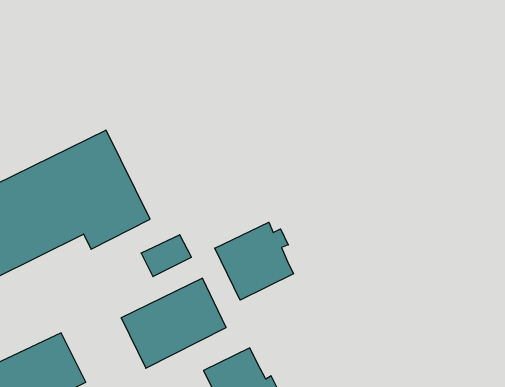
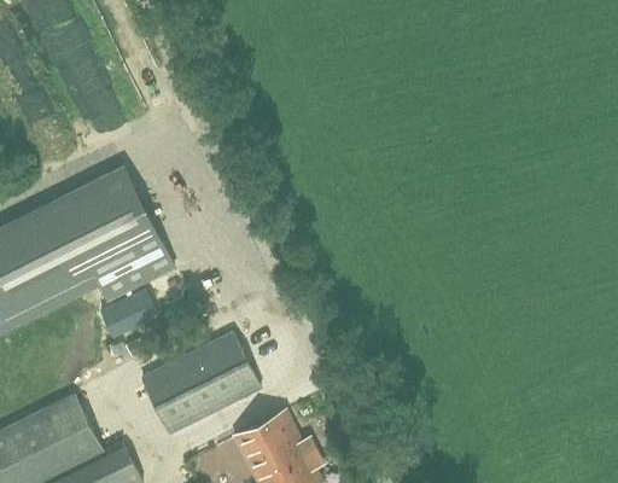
building: [215,222,293,300] -> none
building: [141,235,191,277] -> [100,290,157,337]

